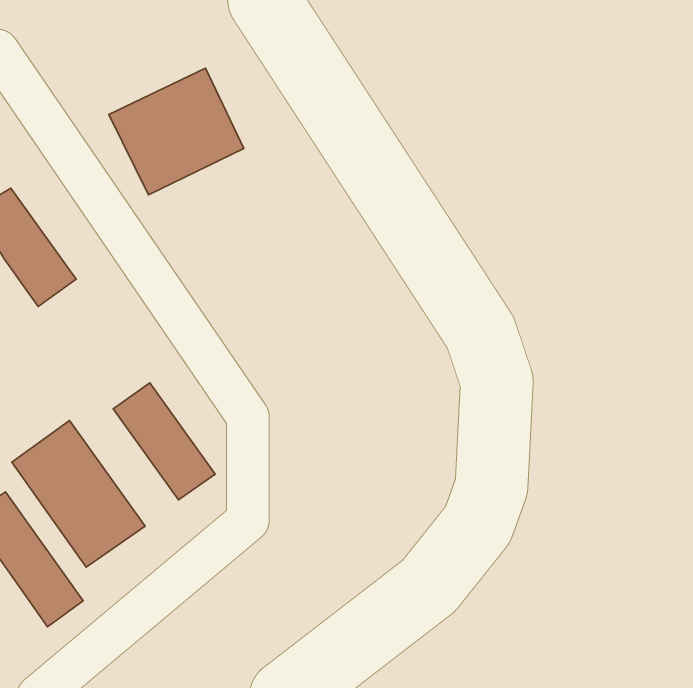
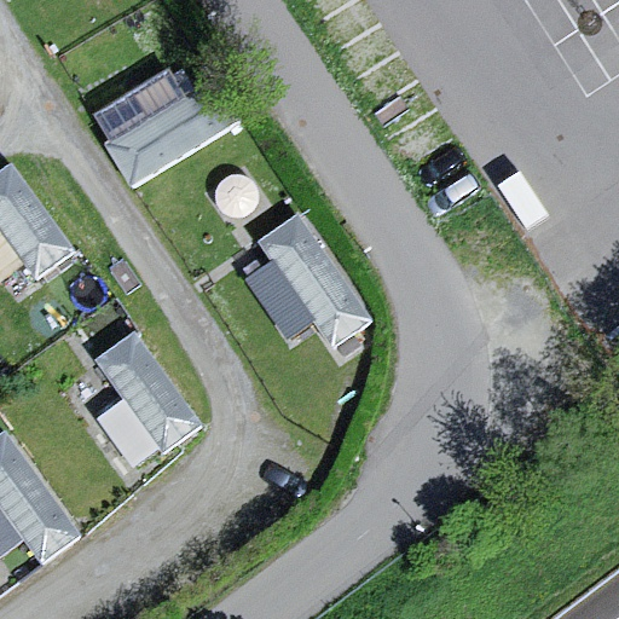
building: none -> [245,210,366,351]
building: [12,420,145,567] -> none

